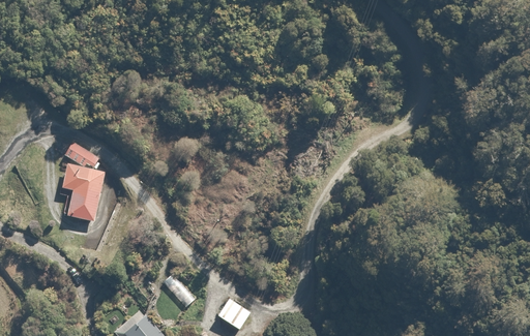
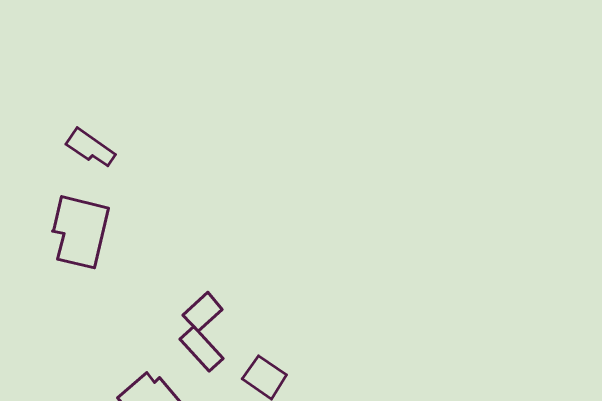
building: [64,142,105,173] -> [66,128,115,166]
building: none -> [183,292,222,331]

